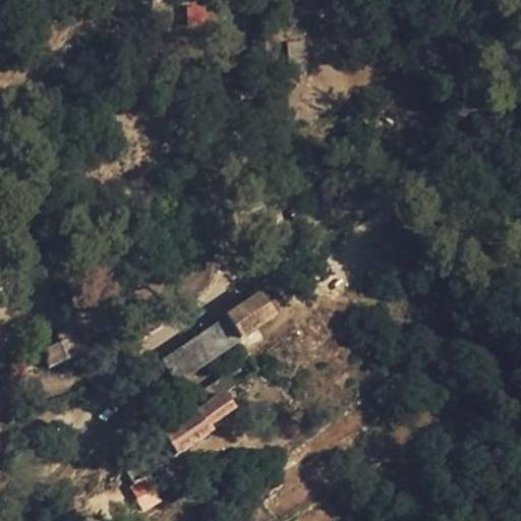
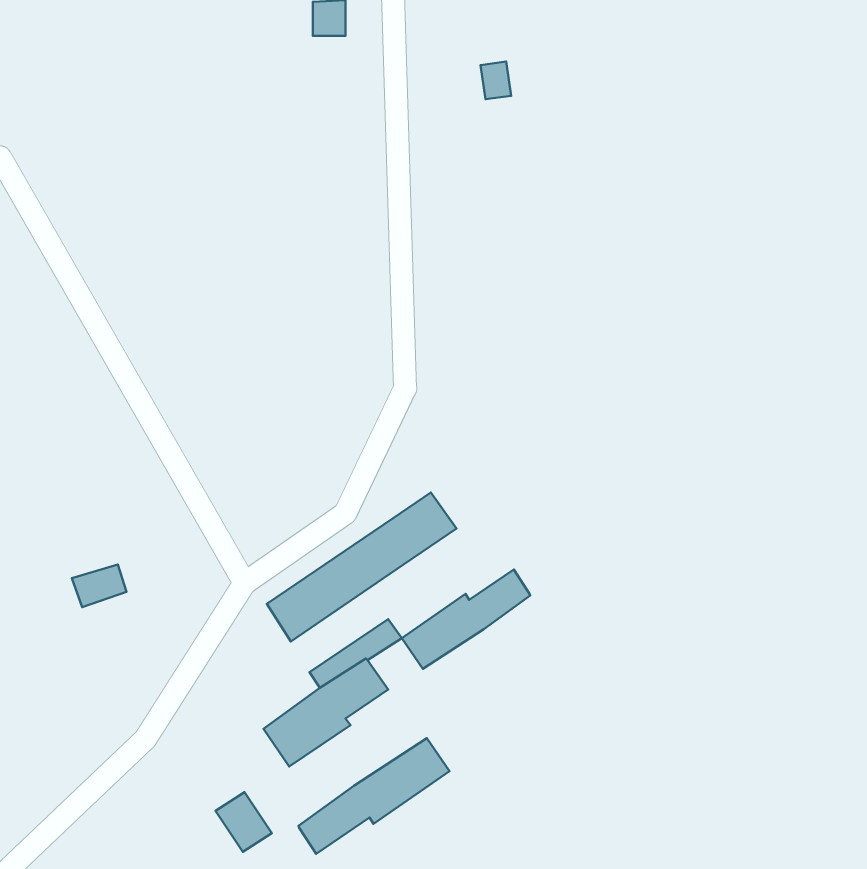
building: none -> [402,569,530,669]
building: none -> [299,738,449,854]

